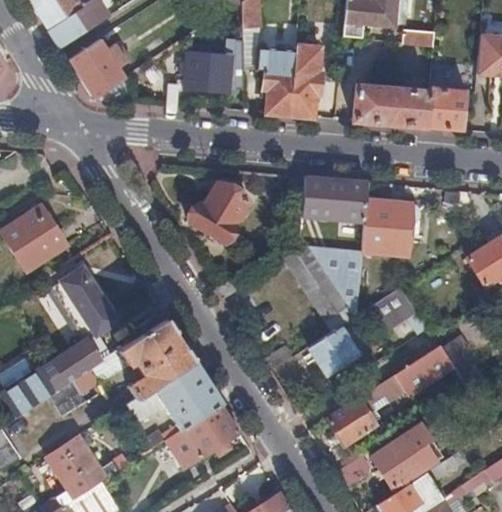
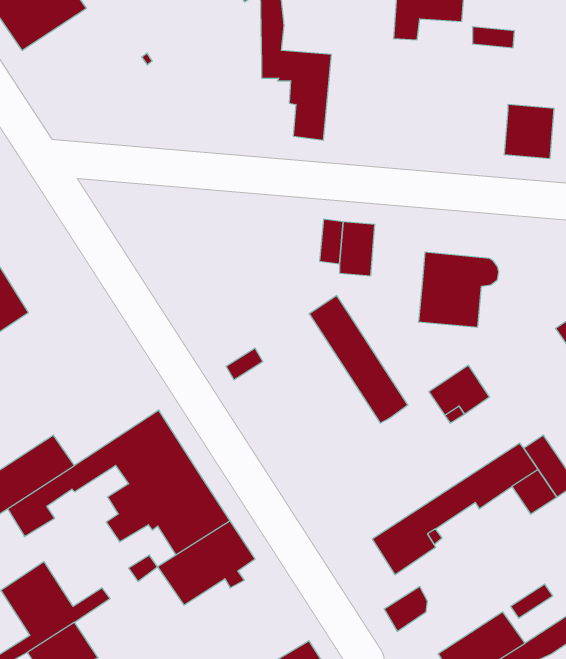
building: [69,40,132,97] -> none
building: [290,48,322,116] -> none
building: [185,52,244,92] -> none
building: [354,86,430,126] -> none
building: [326,179,369,221] -> none
building: [190,181,248,241] -> none
building: [310,248,362,316] -> none
building: [51,269,116,336] -> none
building: [308,326,359,377] -> none
building: [371,422,443,489] -> none

